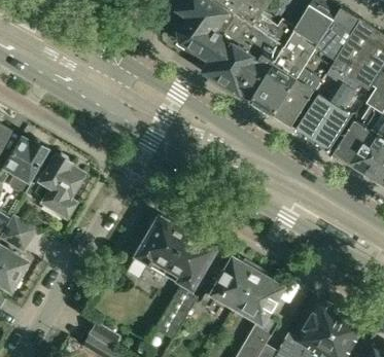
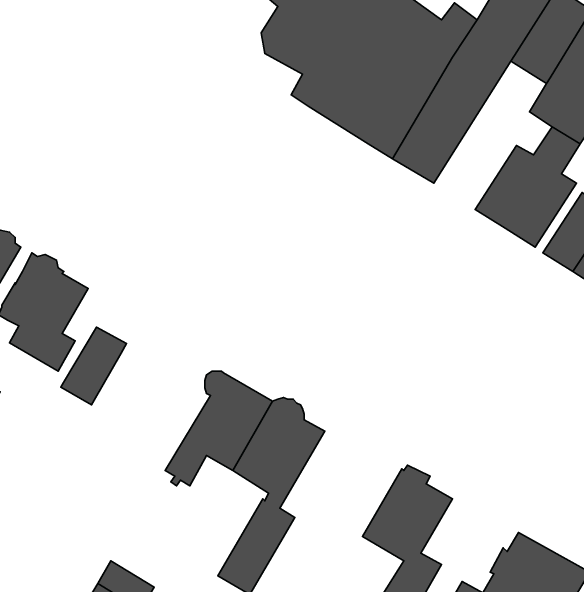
building: [274,69,322,127] -> none
building: none -> [61,327,126,405]
building: [200,257,256,309] -> none

